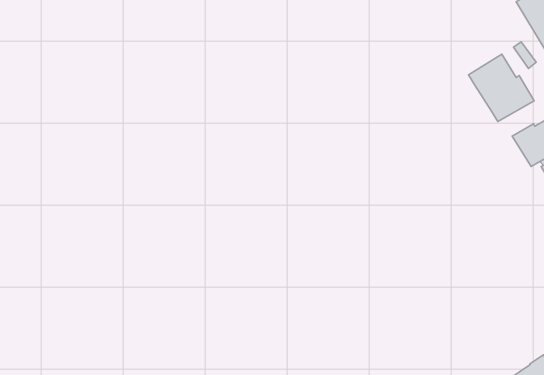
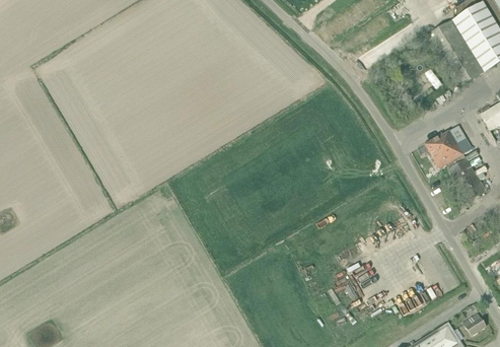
building: [468,54,534,121] -> none

